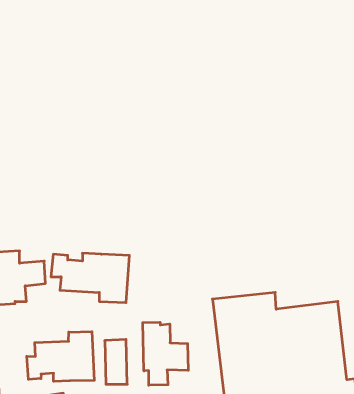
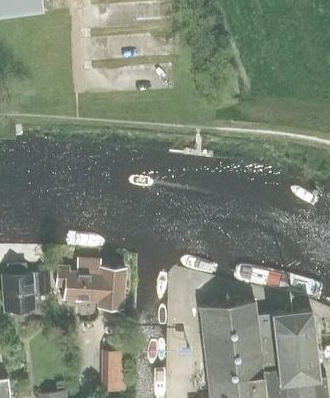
building: [143,322,188,385] -> none
building: [27,332,94,381] -> none

